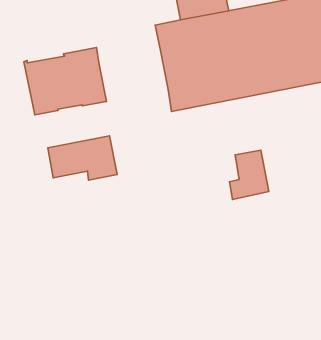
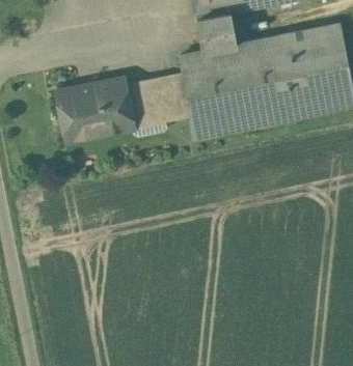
building: [48,136,117,180] -> [127,80,192,121]
building: [229,150,269,199] -> none

